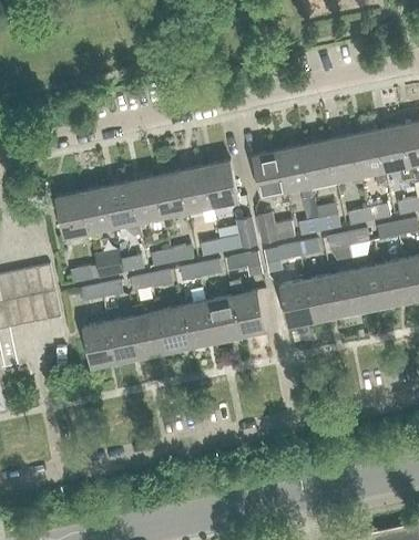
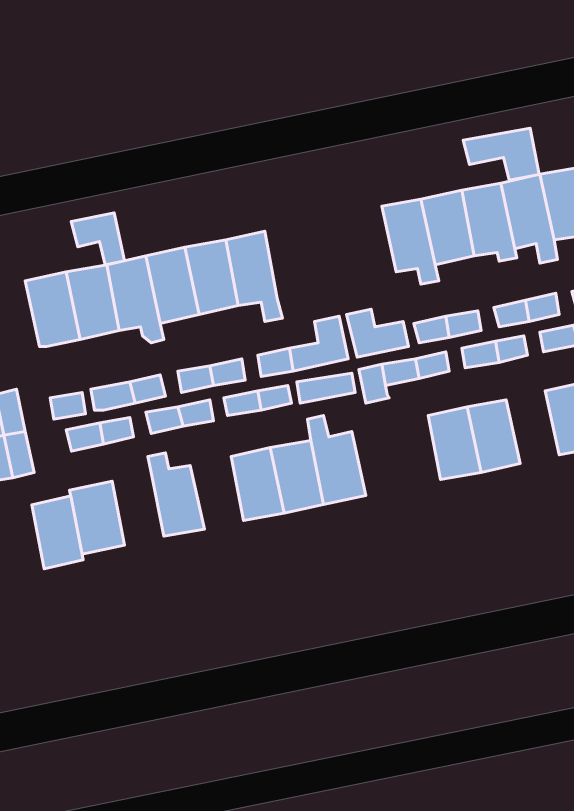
building: none -> [463,128,539,180]
building: [252,149,286,196] -> none
building: none -> [71,213,125,265]
building: [204,160,238,207] -> none
building: [355,264,388,310] -> none
building: [280,280,314,325] -> none
building: [157,305,191,351] -> none
building: [109,315,141,361] -> [32,496,83,569]

